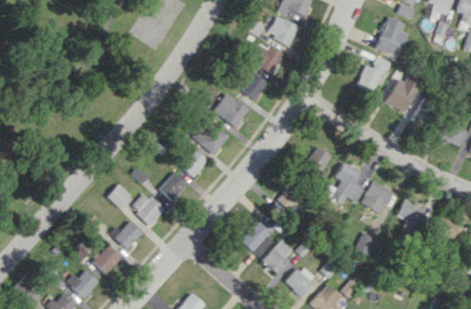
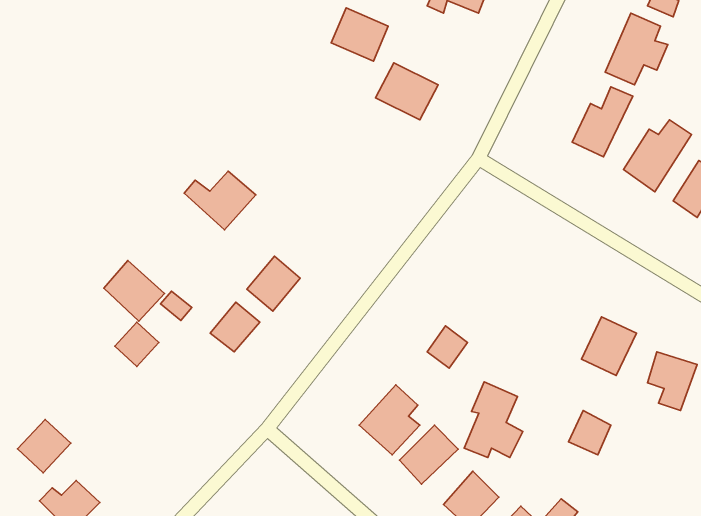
building: [267,16,298,45] -> [331,8,388,61]
building: [241,72,267,100] -> none
building: [213,92,249,127] -> none
building: [190,123,229,155] -> [184,171,256,230]
building: [304,146,332,175] -> none
building: [331,162,363,203] -> [464,382,523,457]
building: [131,192,164,225] -> [104,261,164,321]
building: [114,221,142,249] -> none
building: [92,245,121,274] -> [18,419,71,473]

